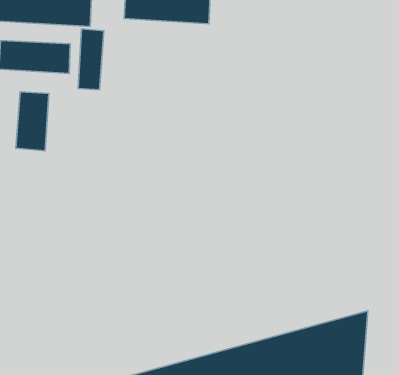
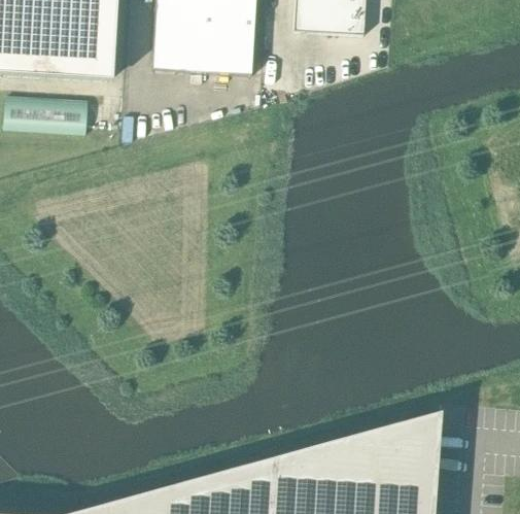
building: [78,29,104,90] -> none
building: [16,92,49,151] -> none

